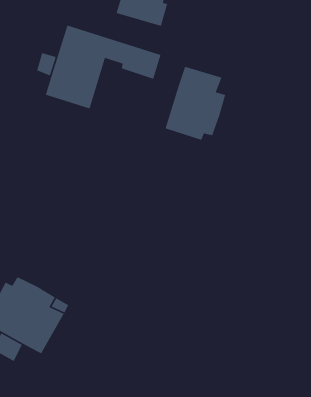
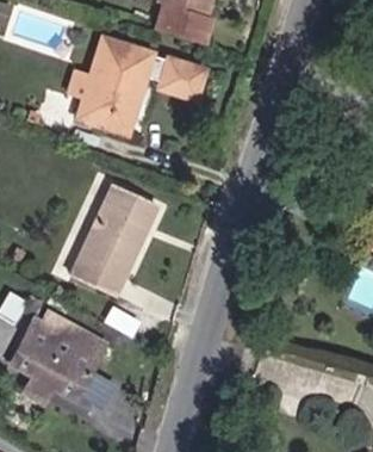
building: [165,66,226,141] -> none
building: none -> [70,184,156,296]

